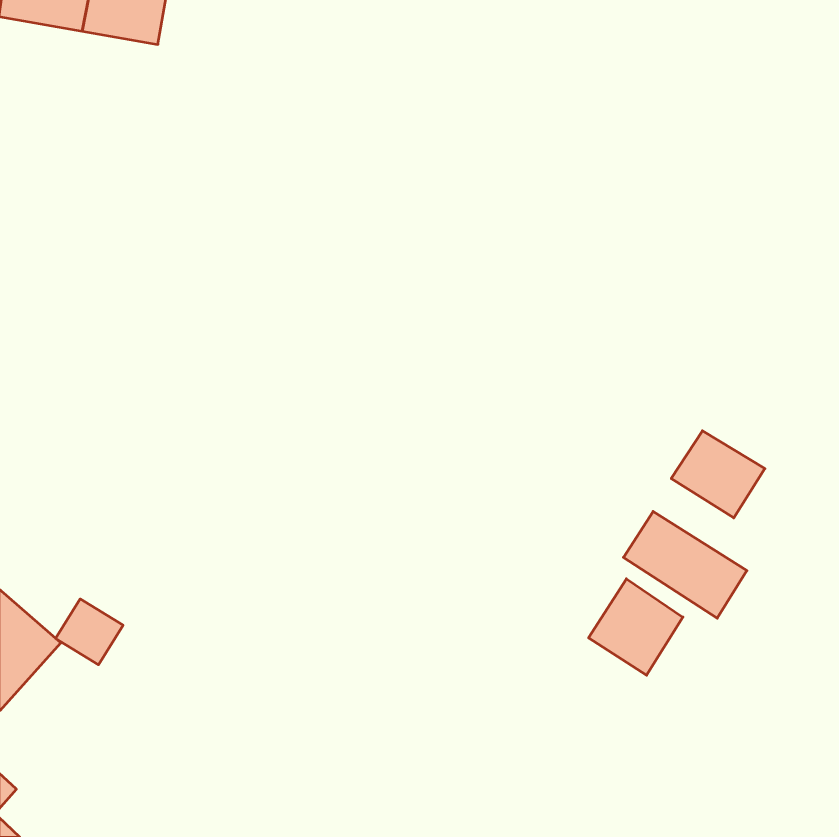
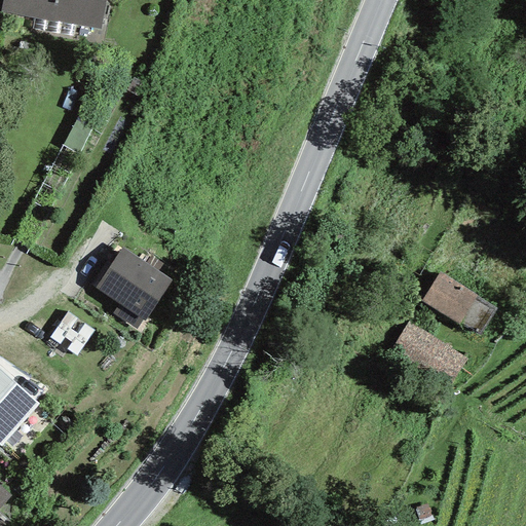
building: none -> [95,246,171,328]
building: [589,579,683,675] -> none
building: [56,599,123,665] -> [52,315,95,356]

